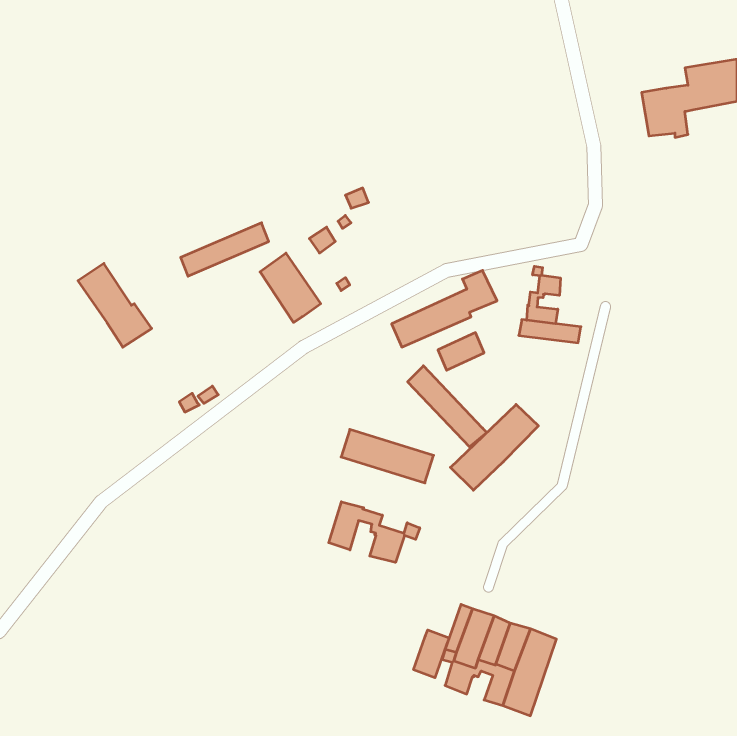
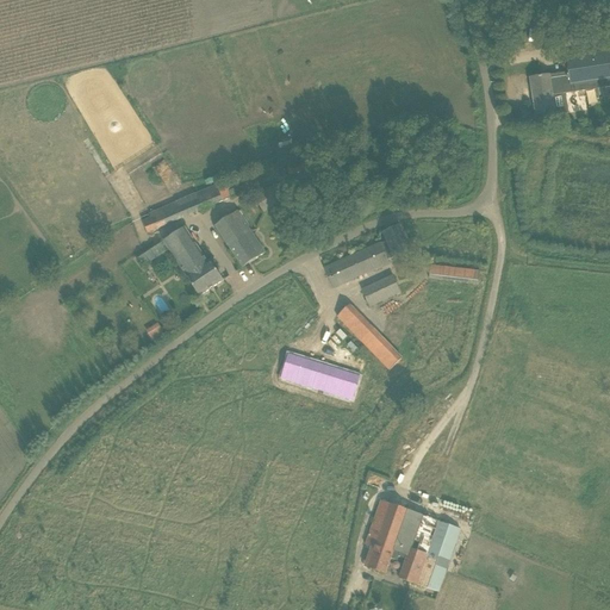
building: [78,263,152,347] -> [162,225,223,294]
building: [527,266,560,324] -> none
building: [450,404,538,490] -> none
building: [329,502,420,562] -> none
building: [414,630,449,678] -> none

